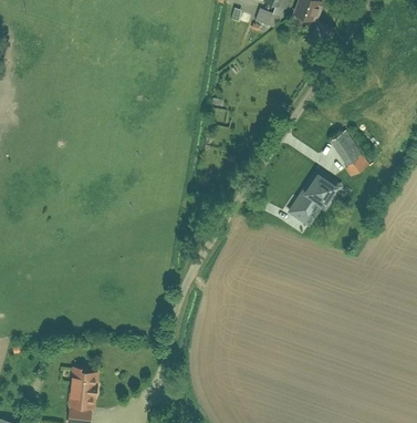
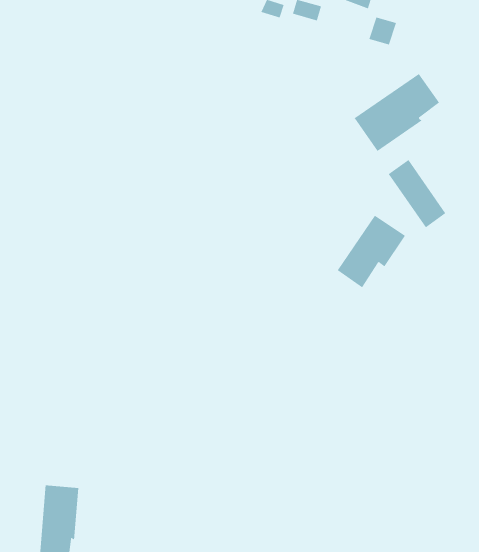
building: none -> [354,73,440,152]

